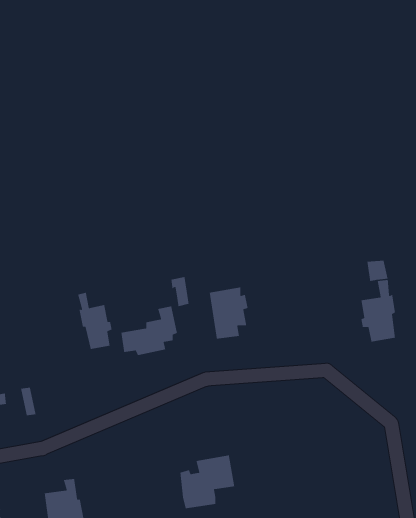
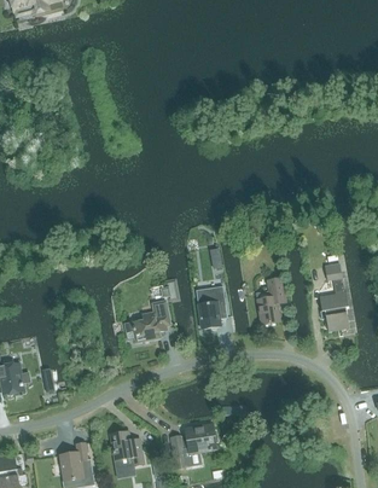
building: none -> [257,277,286,324]
building: [77,292,113,350] -> none
building: none -> [111,431,144,469]

